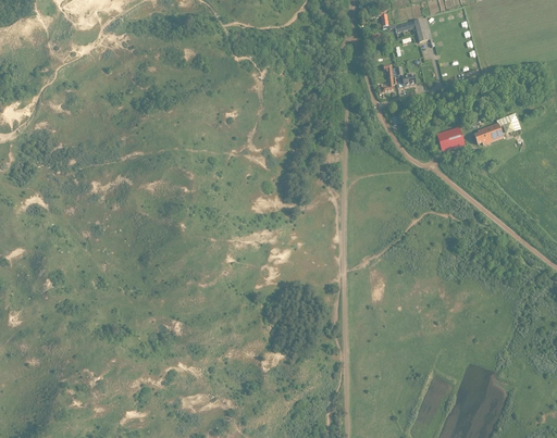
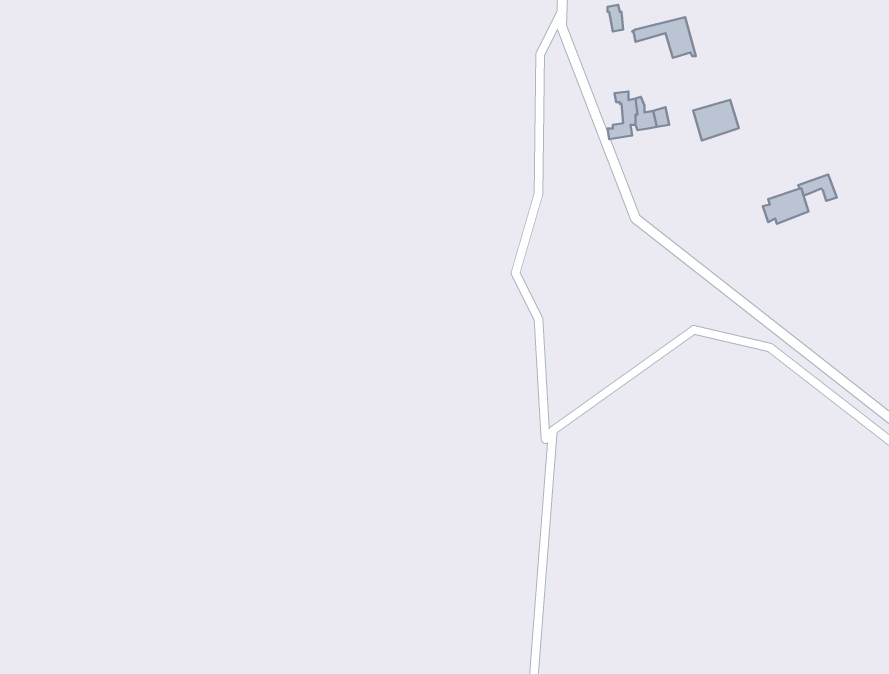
building: [436,127,465,152] -> [693,100,739,140]

